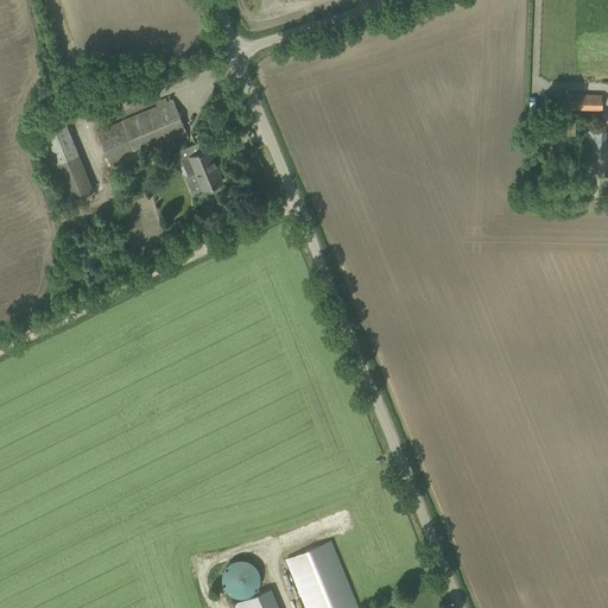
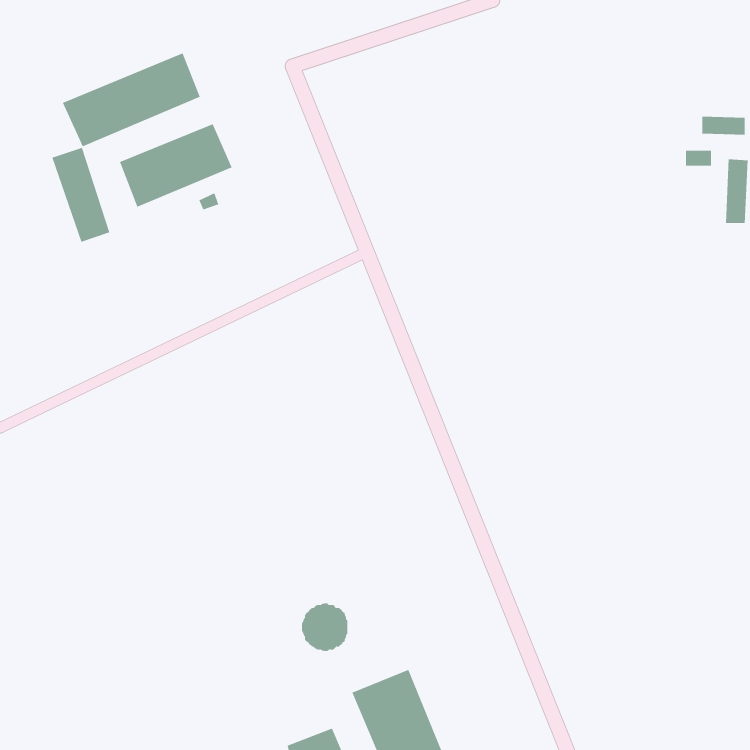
building: none -> [62,52,201,147]
building: [182,148,223,190] -> none
building: [221,559,259,598] -> [301,603,348,651]

